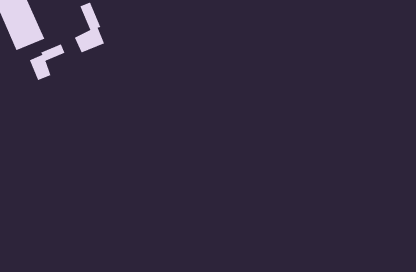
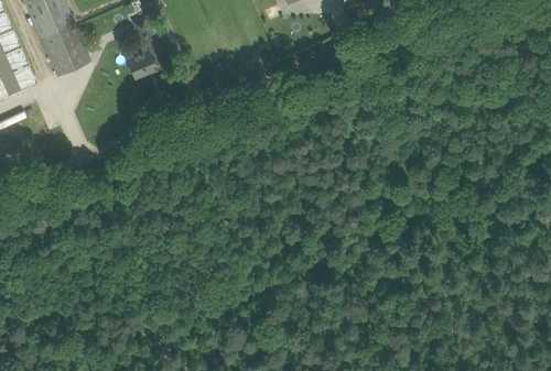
building: [29,43,65,81] -> none

